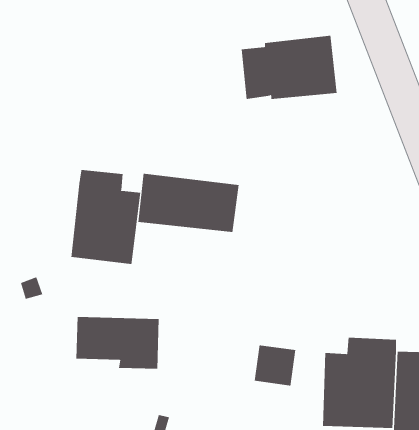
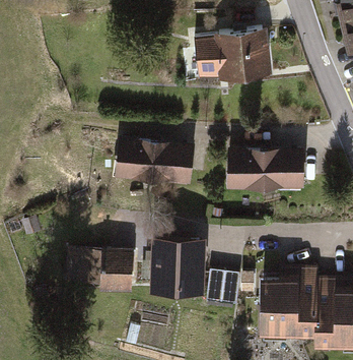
building: [71,169,141,265] -> none
building: none -> [227,151,304,189]
building: none -> [150,237,205,292]

